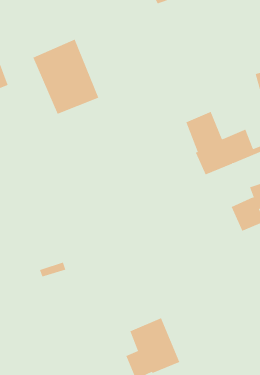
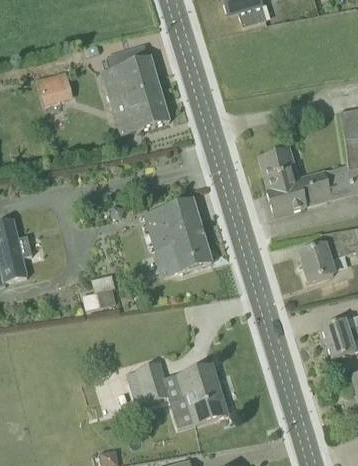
building: none -> [144,197,211,273]
building: none -> [137,360,170,400]

